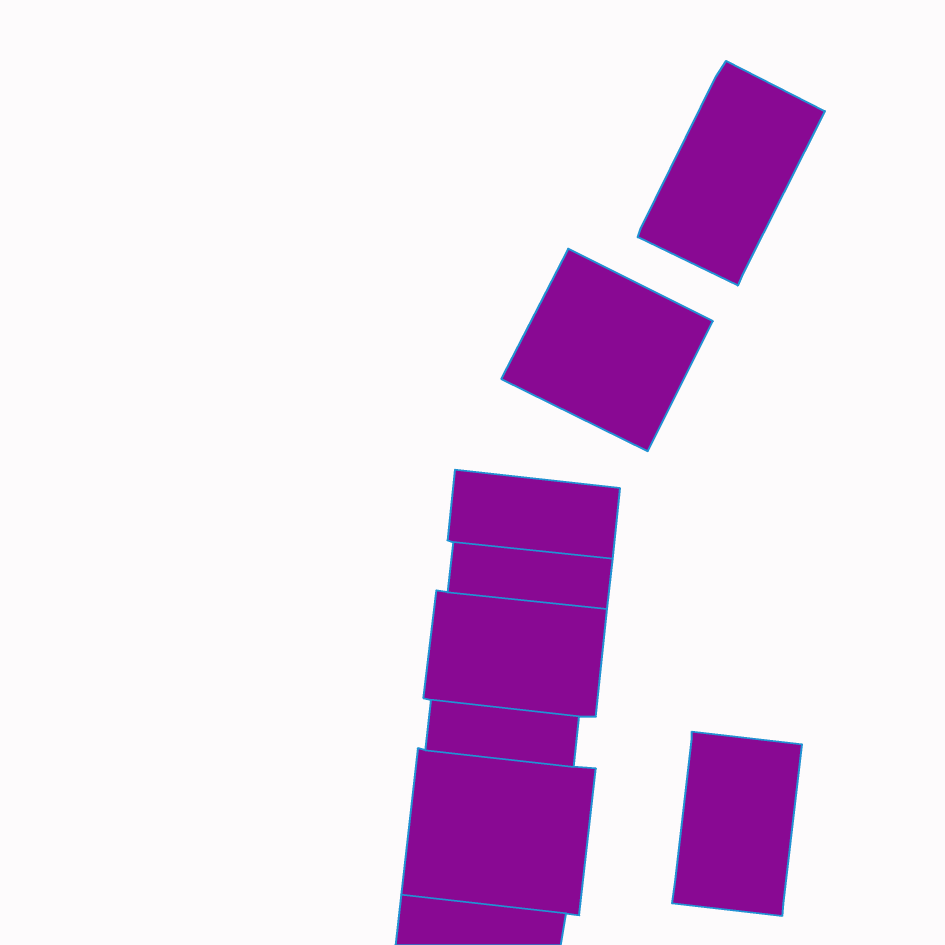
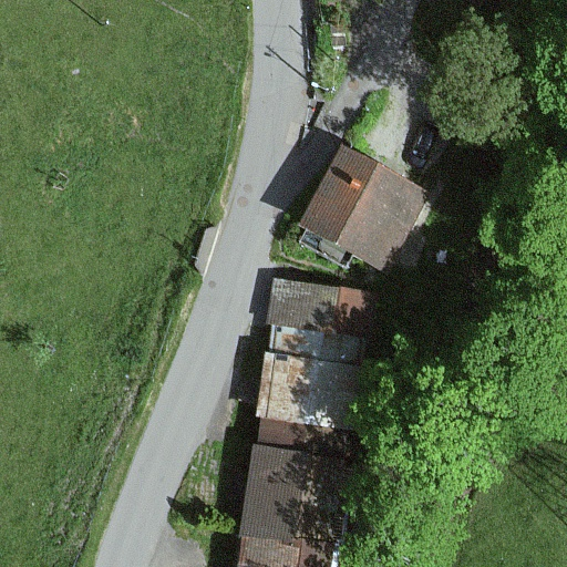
building: [638,61,825,286] -> none
building: [672,732,802,916] -> none

